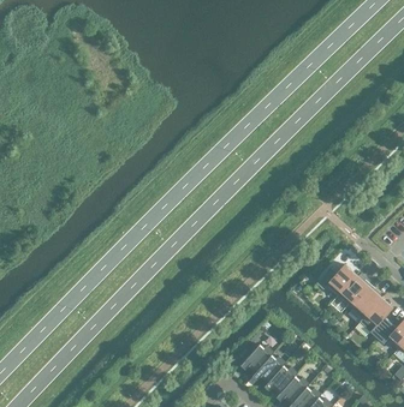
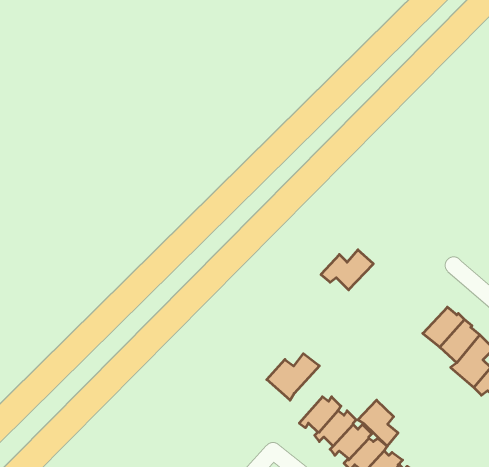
building: [315,264,356,295] -> [321,250,373,290]
building: none -> [267,354,319,400]
building: none -> [358,400,398,446]

